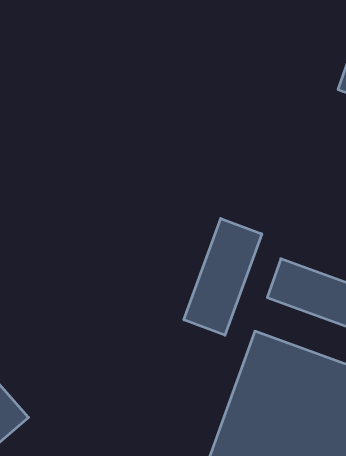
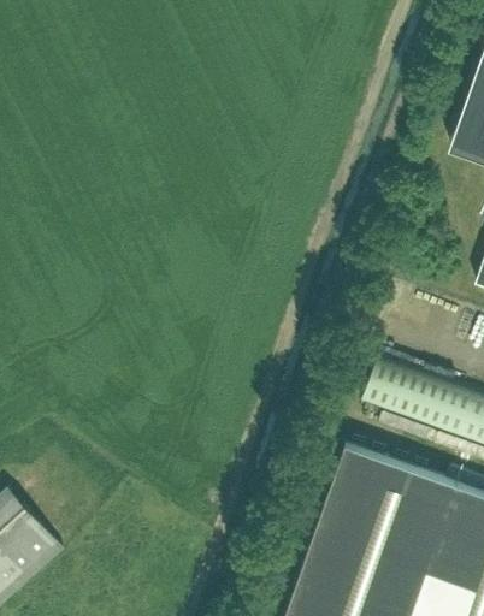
building: [184,218,262,335] -> none

